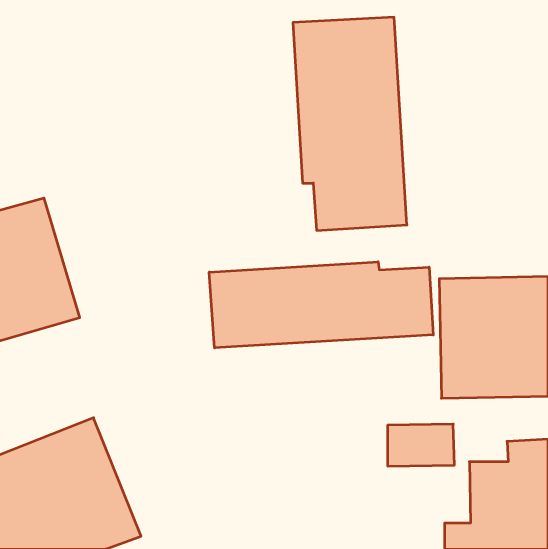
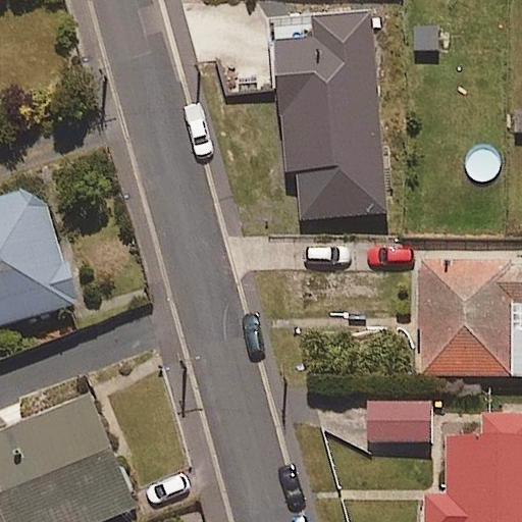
building: [209,262,433,348] -> none

